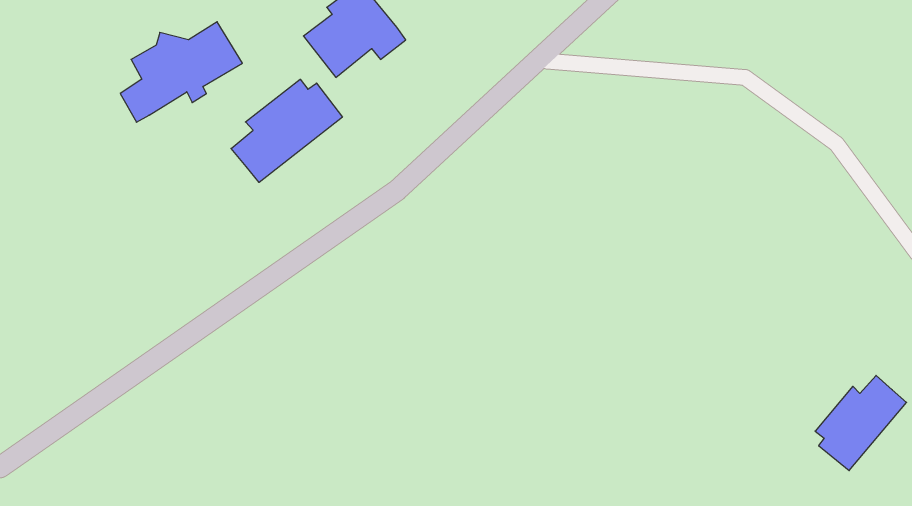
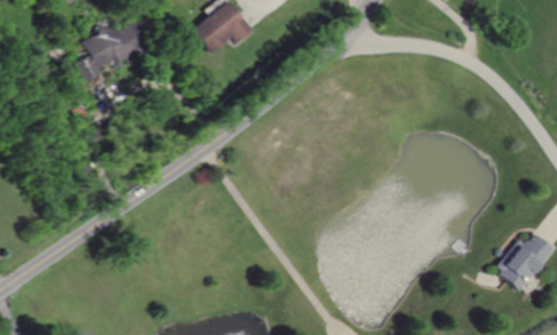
building: [231,79,342,182] -> none

